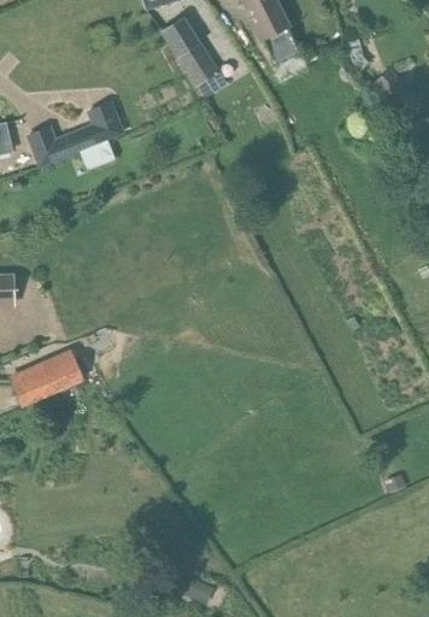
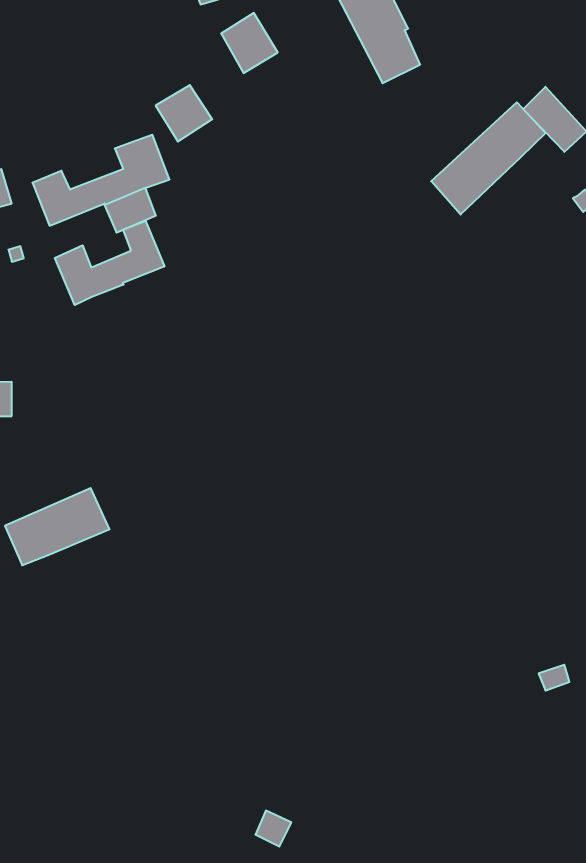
building: [178,47,218,87] -> [156,85,212,142]
building: none -> [431,102,546,215]
building: none -> [55,221,164,305]

